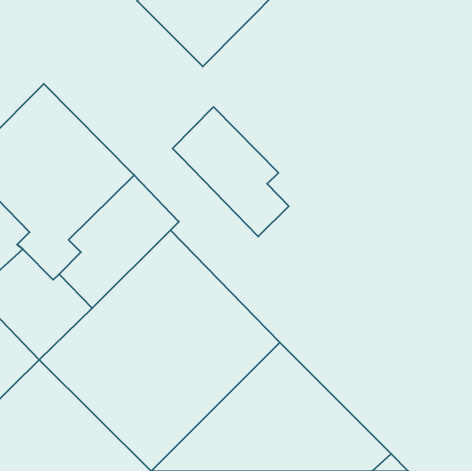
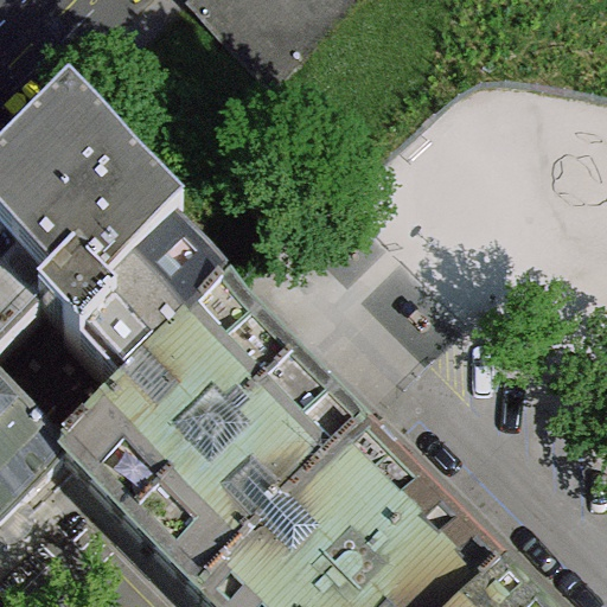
building: [173,107,289,237] -> none

